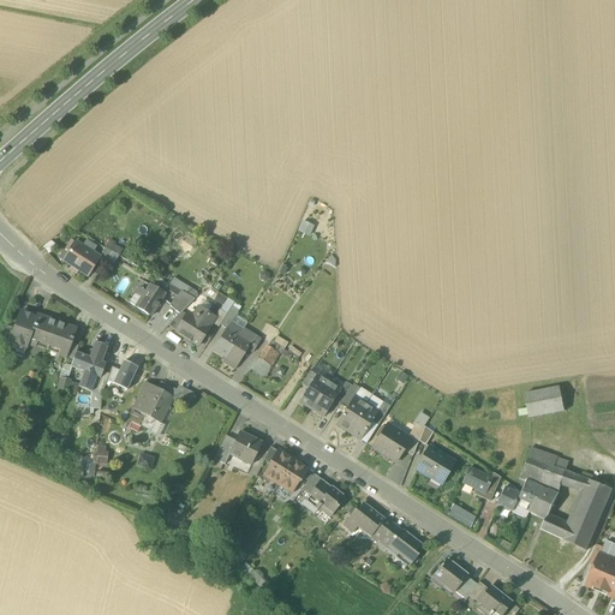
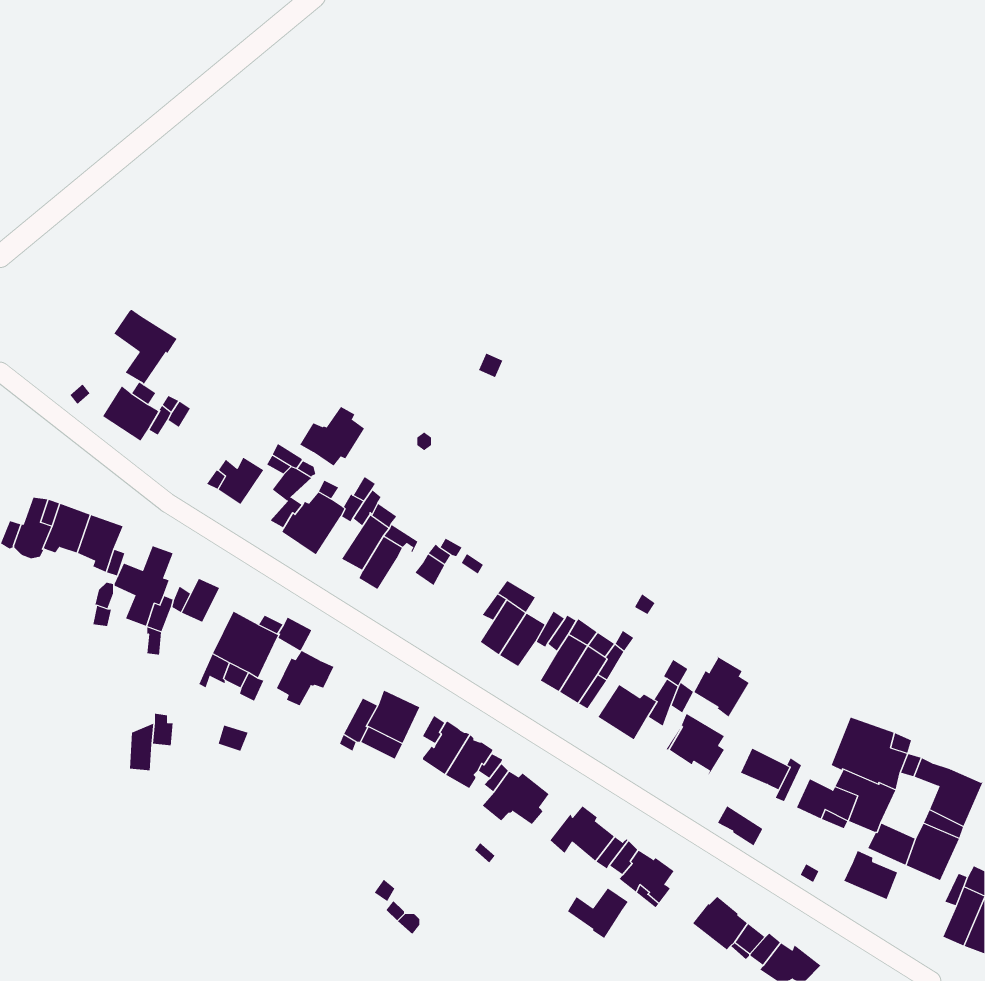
building: none -> [113,309,177,385]
building: none -> [299,406,365,466]
building: [525,386,565,417] -> none
building: none -> [276,650,334,706]
building: none -> [694,655,750,718]
building: none -> [844,850,898,900]
building: none -> [567,887,628,939]

